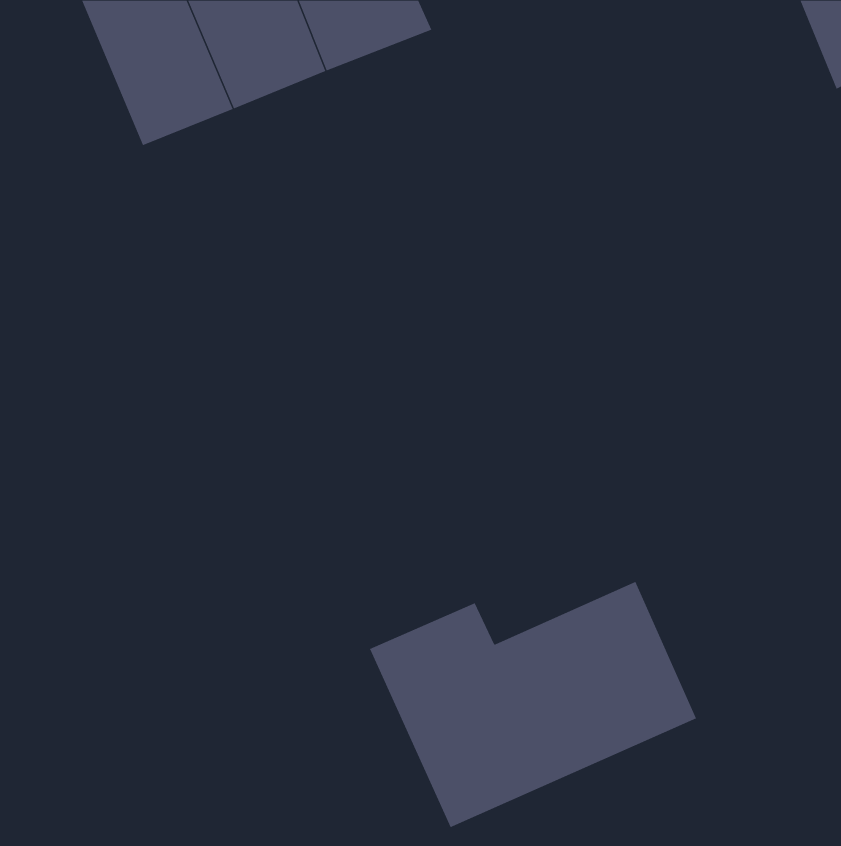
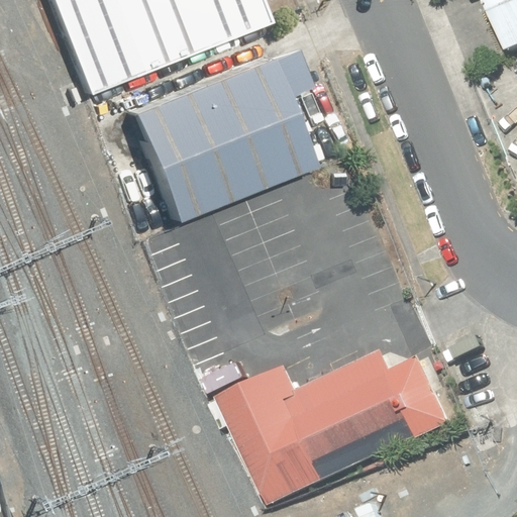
building: none -> [138,44,312,211]

